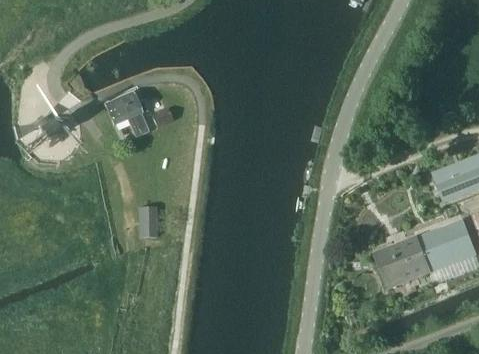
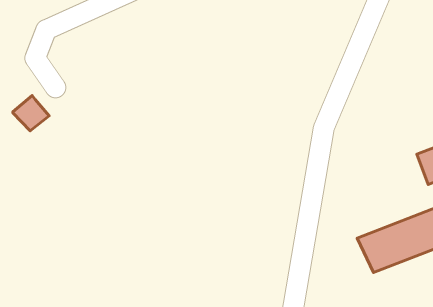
building: [105,90,149,137] -> none
building: [139,206,157,237] -> none

